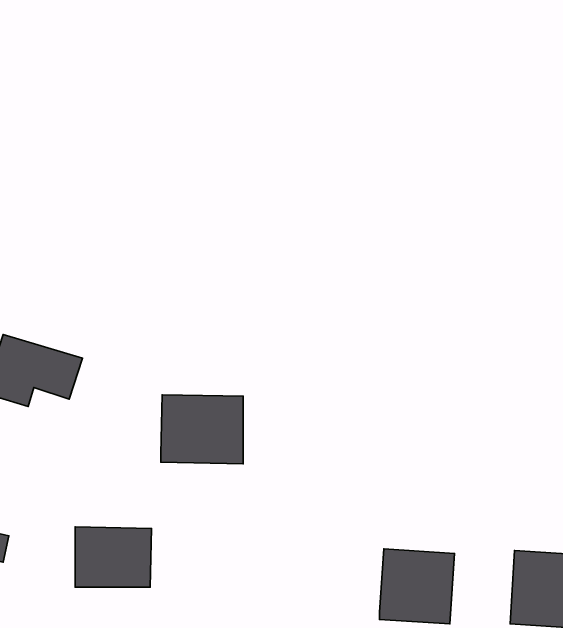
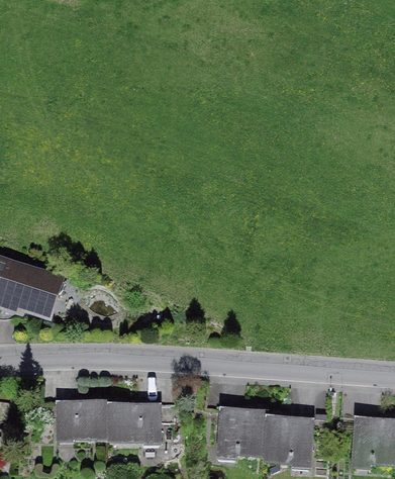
building: [161,395,243,464] -> [108,400,165,448]
building: none -> [219,404,269,458]

